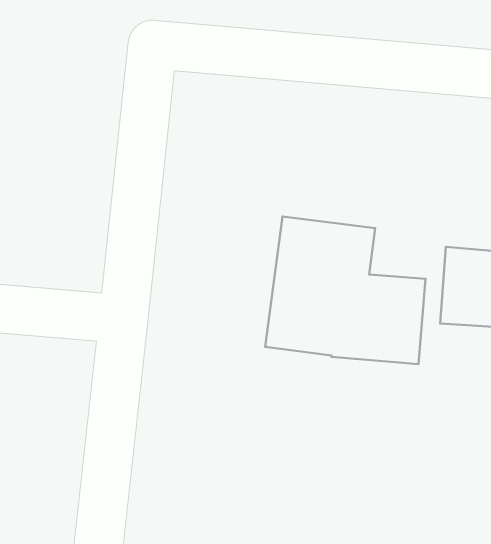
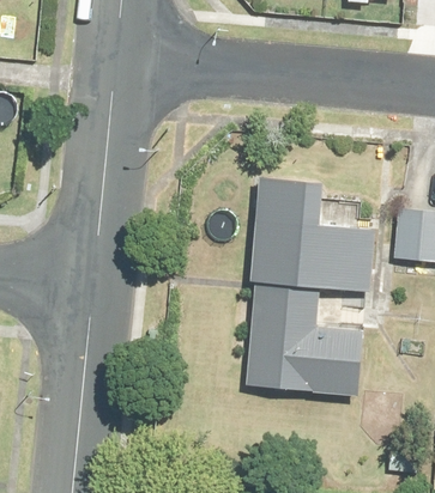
building: none -> [234,297,348,392]

